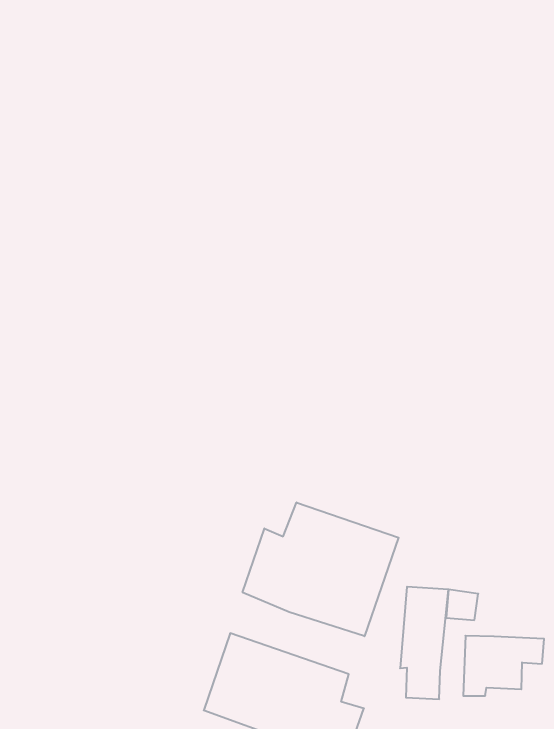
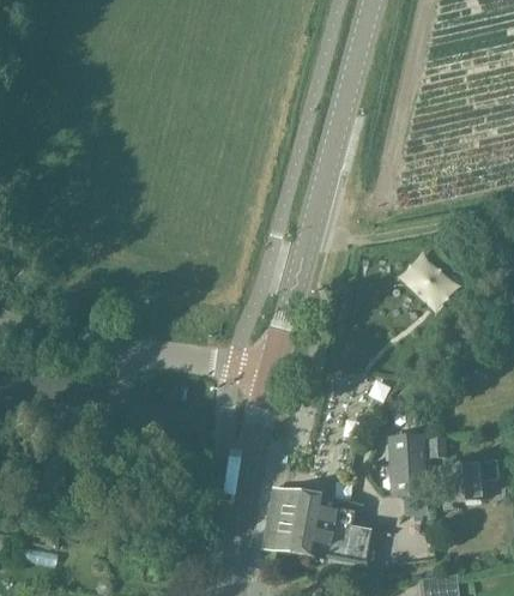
building: [243,502,399,636] -> none

